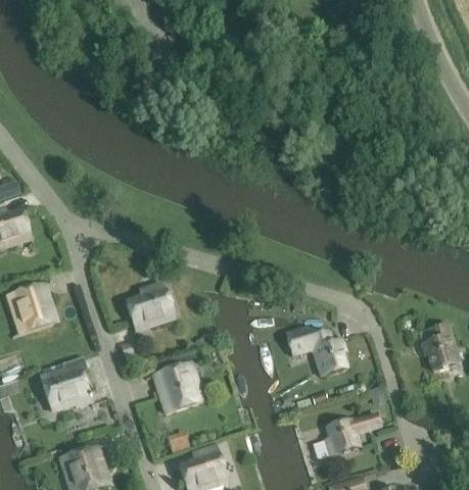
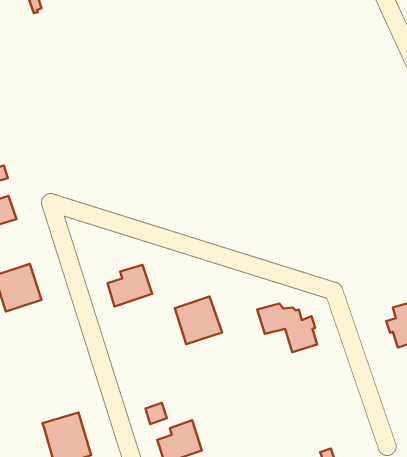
building: [153,363,203,413] -> [175,296,222,344]
building: [40,371,89,409] -> none
building: [326,414,380,455] -> none

